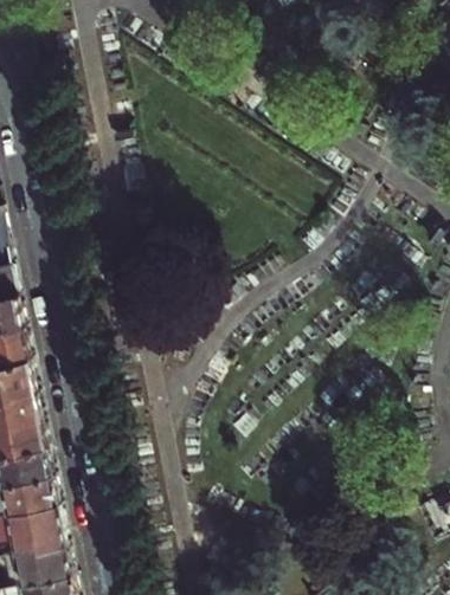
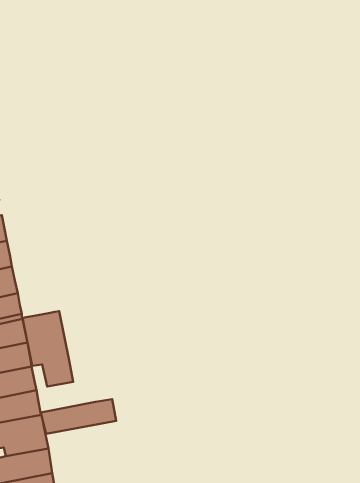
building: none -> [23,311,73,386]
building: none -> [41,399,116,434]

